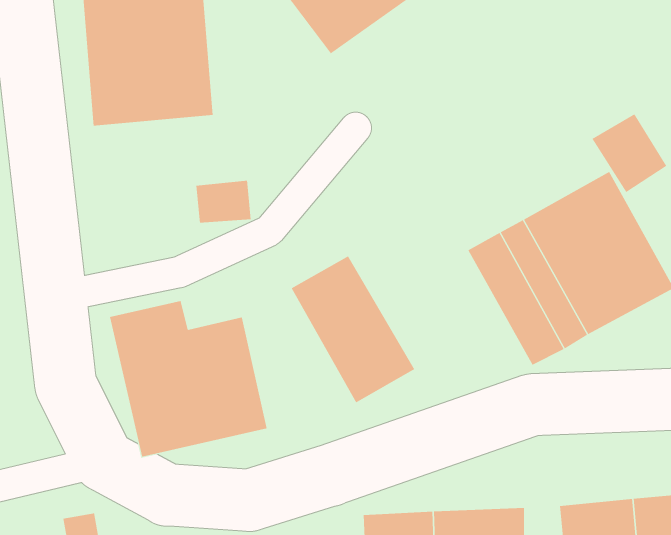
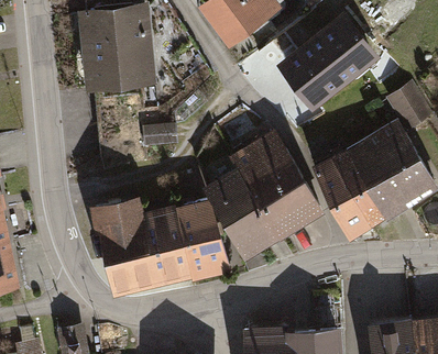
building: none -> [286,20,375,103]
building: none -> [231,130,322,239]
building: none -> [174,199,221,275]

